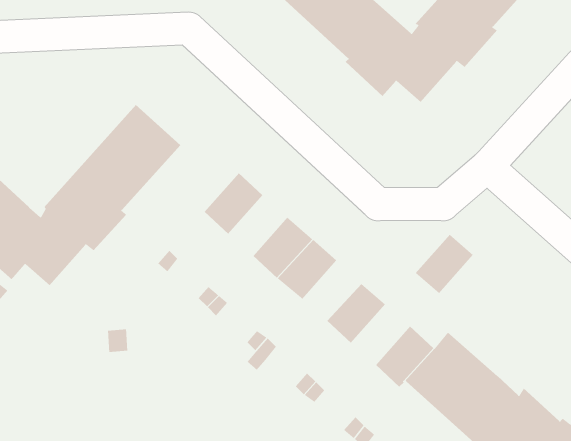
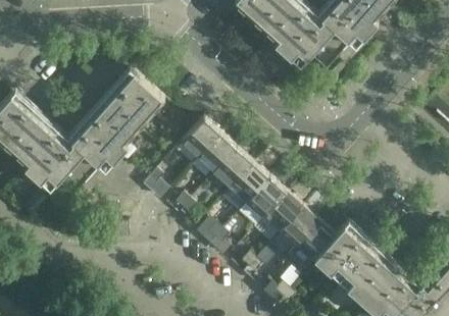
building: none -> [196,134,236,174]
building: [415,234,474,294] -> [279,207,318,248]
building: none -> [246,177,286,218]

